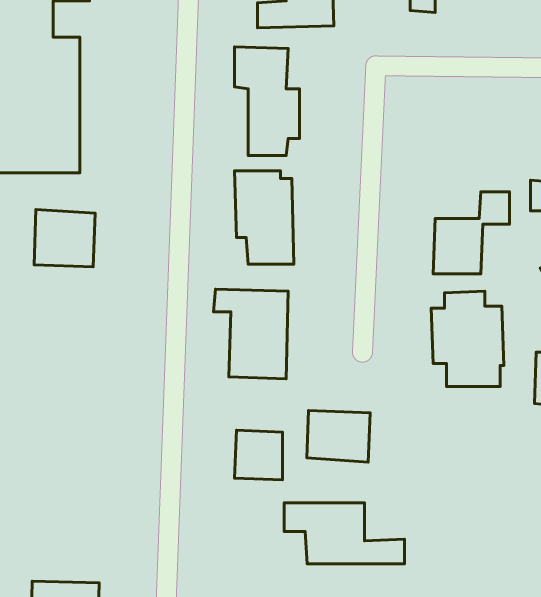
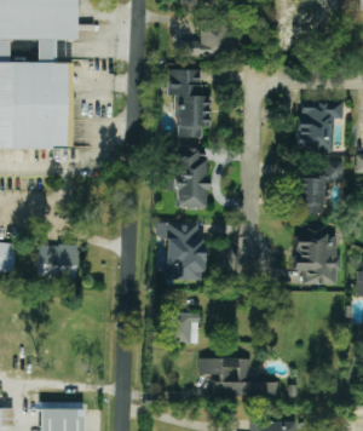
building: none -> [296,100,344,151]
building: [34,209,95,267] -> [39,243,77,280]
building: [307,410,370,462] -> none

